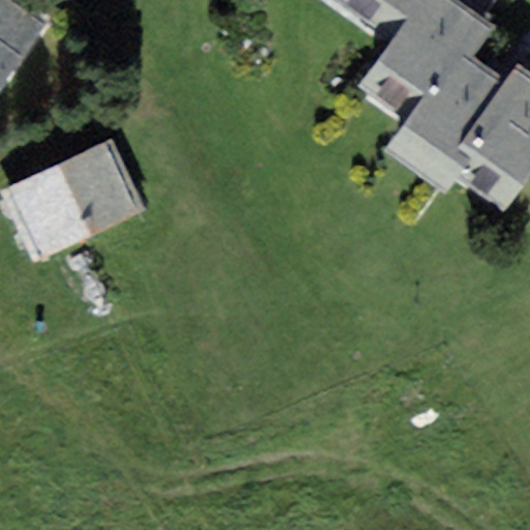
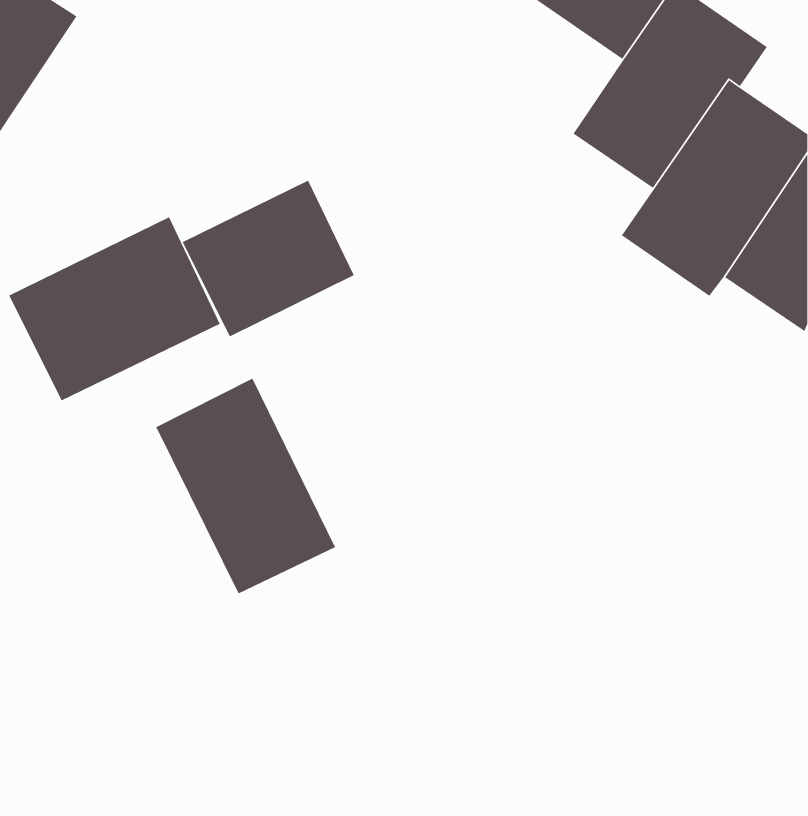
building: none -> [182,180,355,338]
building: none -> [155,377,336,595]

